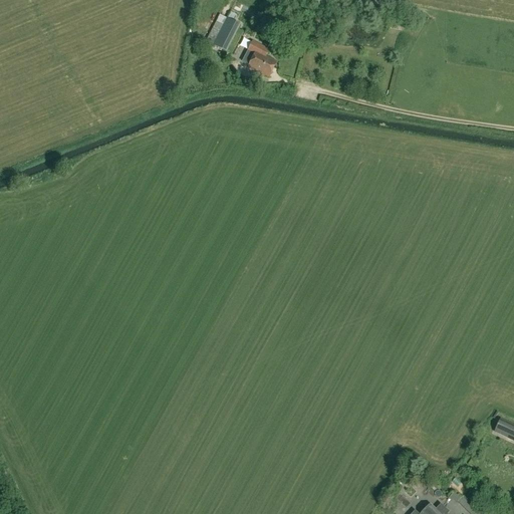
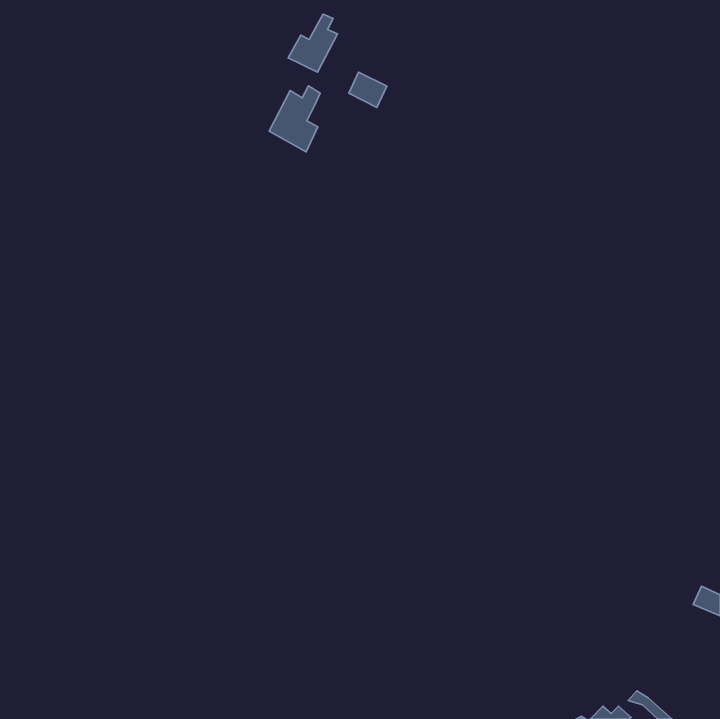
building: none -> [269,86,320,152]

